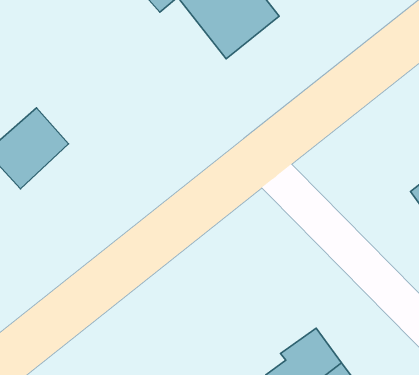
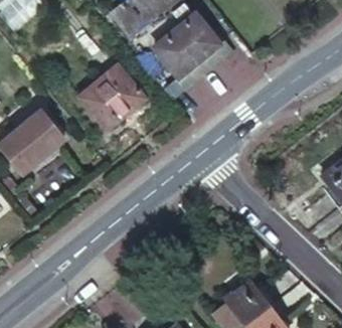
building: none -> [81,61,145,126]

